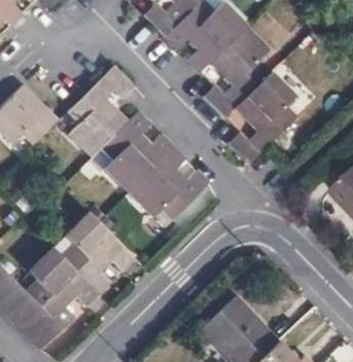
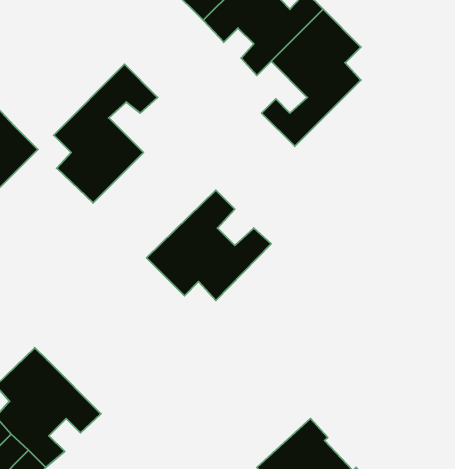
building: [227,75,293,165] -> none
building: [102,111,173,191] -> none
building: [63,215,134,293] -> none

